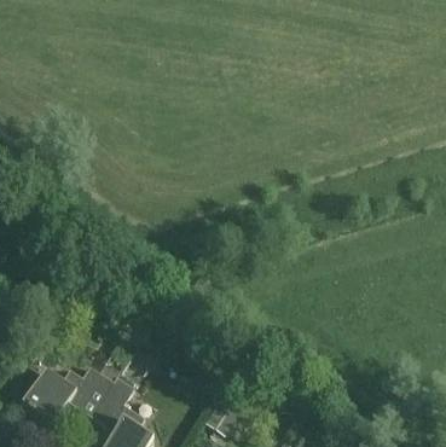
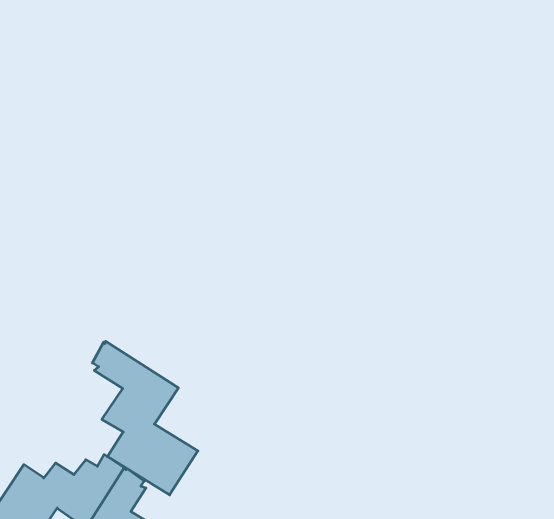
building: none -> [92,341,198,495]

